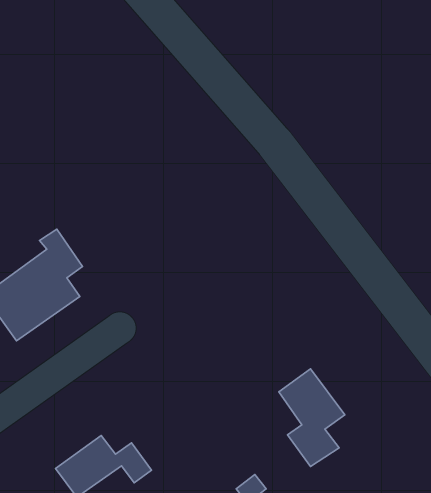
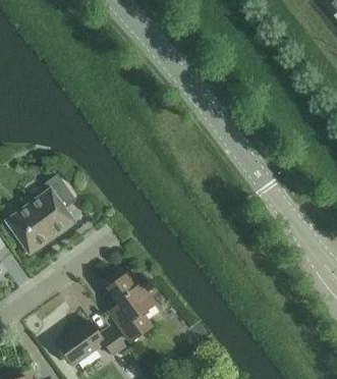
building: [279,369,345,466] -> [108,271,155,340]

